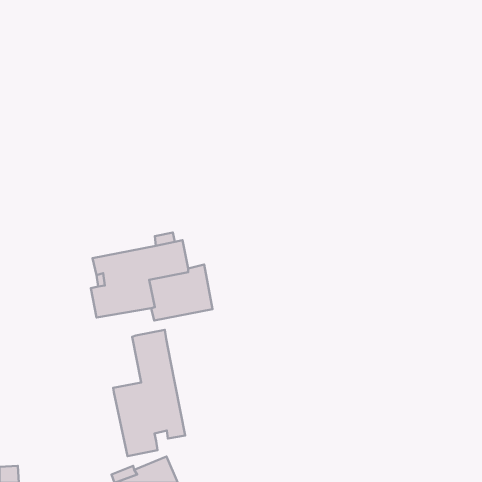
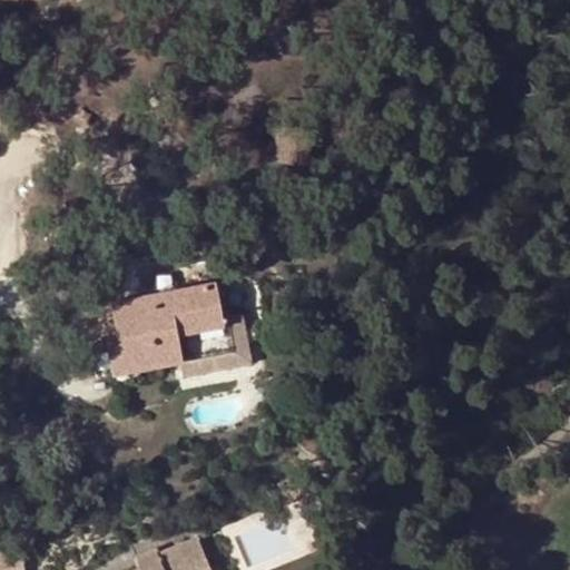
building: [113,330,185,456] -> none

